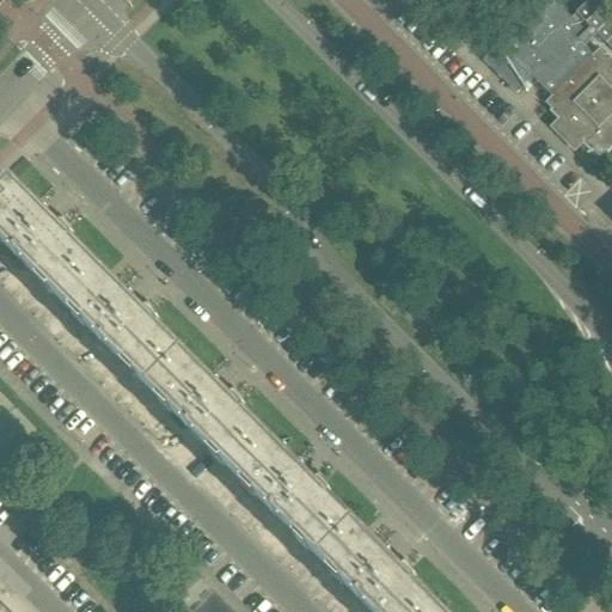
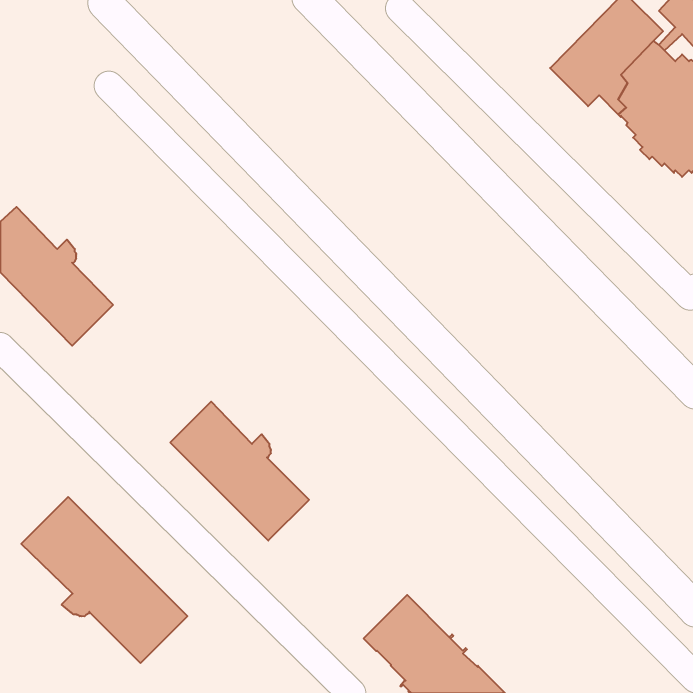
building: [66,268,188,388] -> none
building: none -> [21,497,187,663]
building: [238,439,360,561] -> none

